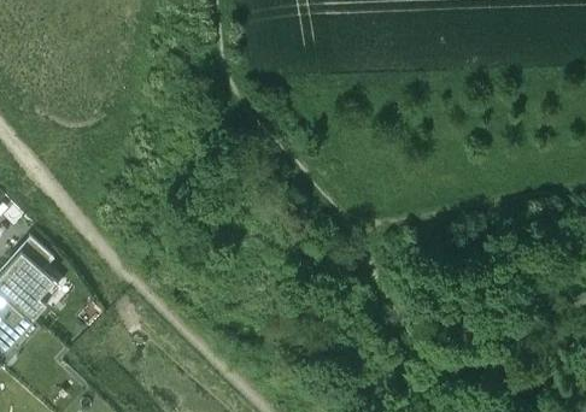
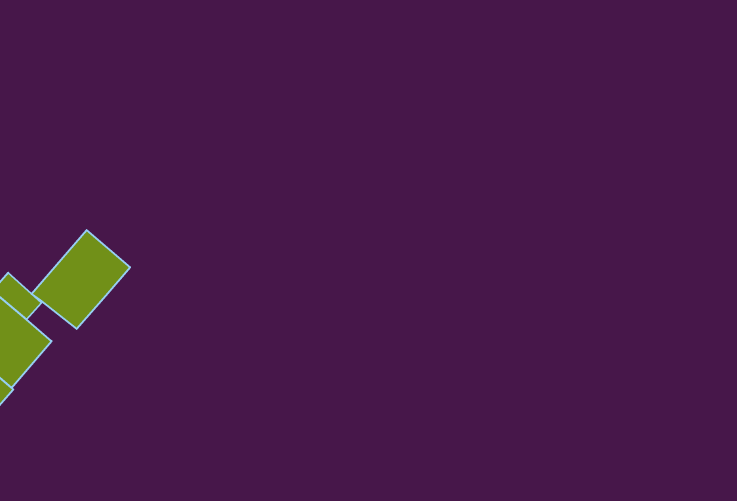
building: none -> [32,230,130,329]

